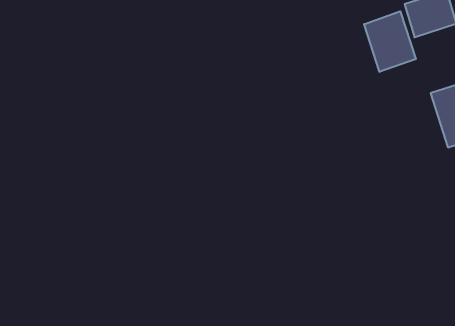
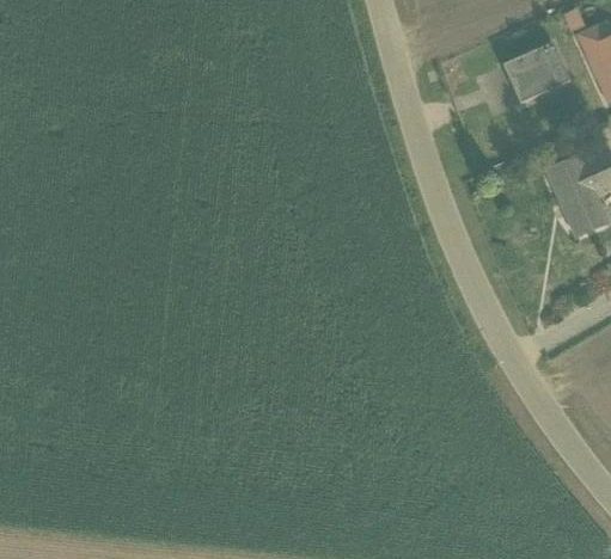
building: [364,11,416,72] -> none

